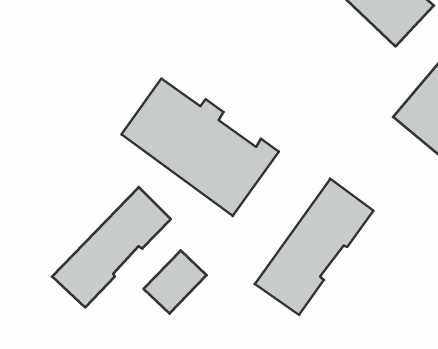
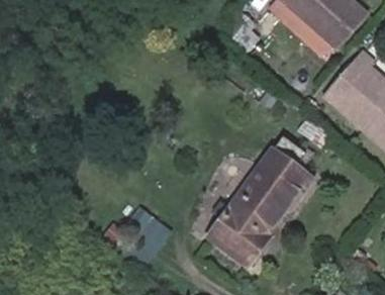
building: [122,79,279,216] -> none
building: [52,187,171,307] -> none

